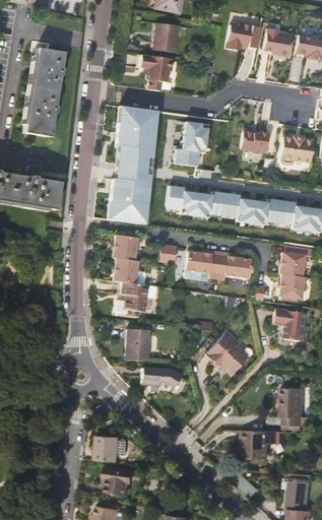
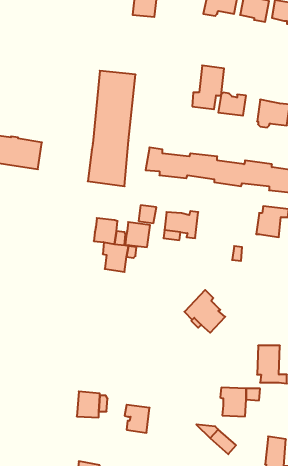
building: [24,47,64,136] -> none
building: [140,55,174,91] -> none
building: [176,123,208,168] -> [192,65,224,109]
building: [113,235,138,260] -> [125,222,150,247]
building: [217,252,253,279] -> none
building: [279,274,305,300] -> none
building: [273,309,306,342] -> none
building: [125,329,149,362] -> none
building: [141,369,182,392] -> none
building: [106,466,131,495] -> [125,405,150,433]

